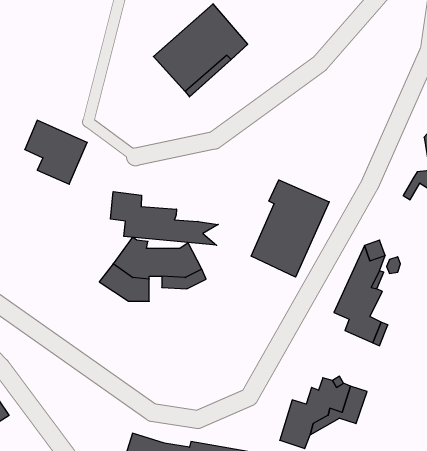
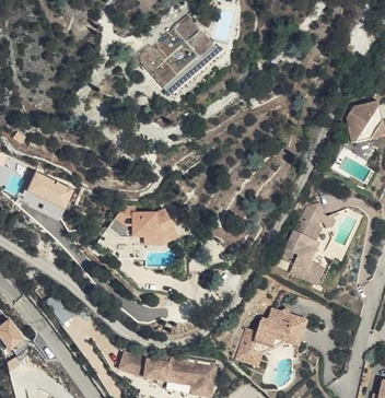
building: [25,120,87,184] -> [25,166,74,216]
building: [251,180,329,277] -> none
building: [111,192,218,245] -> none

